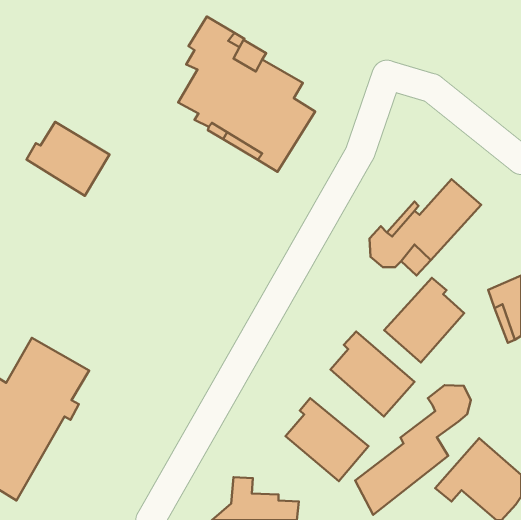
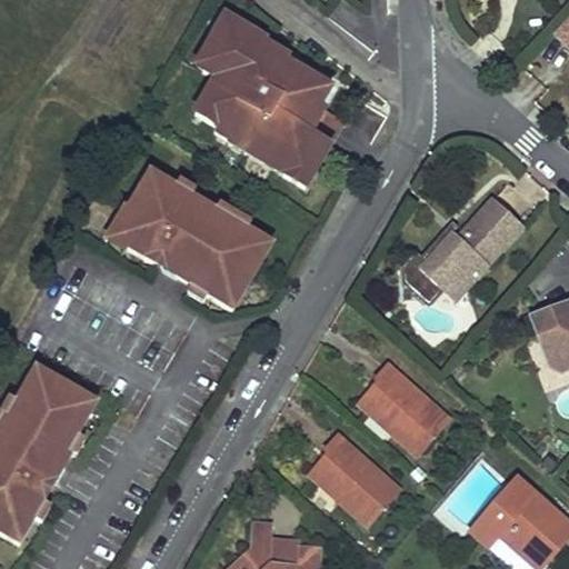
building: [26,122,110,196] -> none
building: none -> [107,170,271,310]
building: [384,278,464,362] -> none
building: [355,385,471,515] -> none

